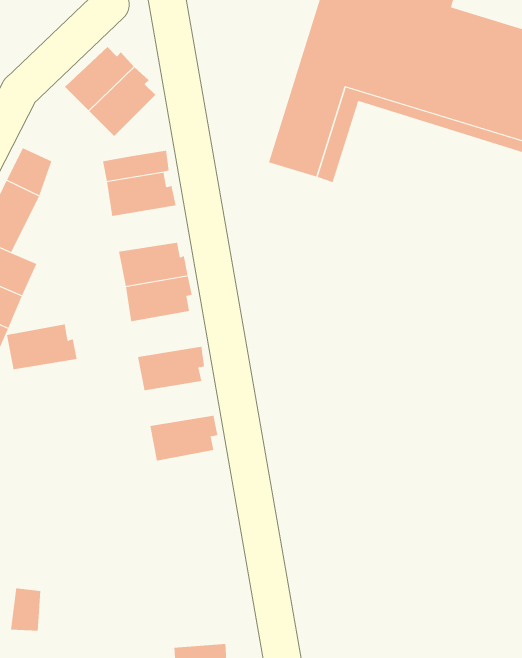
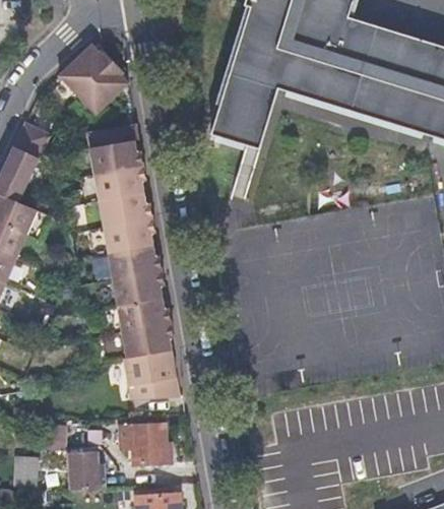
building: none -> [92,166,144,200]
building: [6,324,78,370] -> [107,245,161,279]
building: none -> [117,298,170,331]
building: none -> [123,349,178,400]
building: none -> [120,423,168,463]
building: none -> [71,454,98,491]

